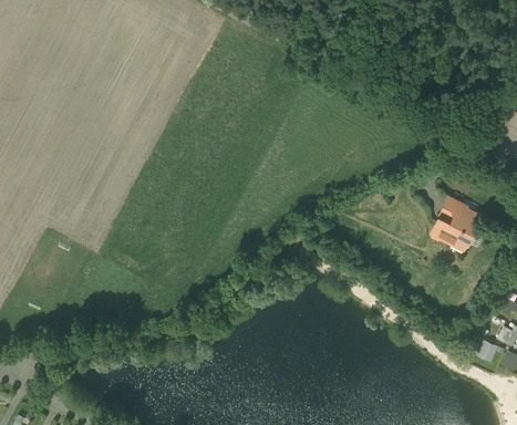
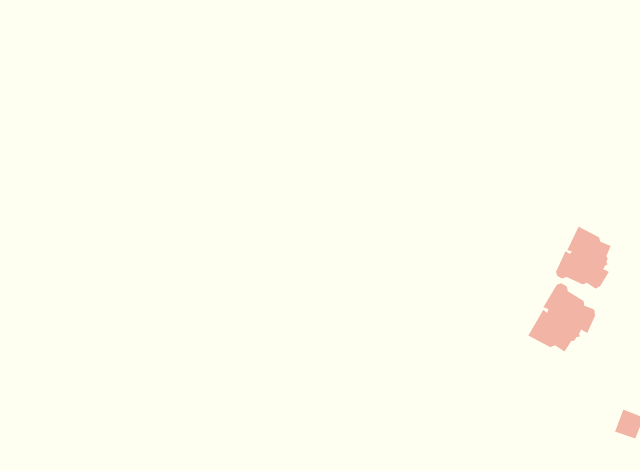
building: none -> [528,282,596,352]

